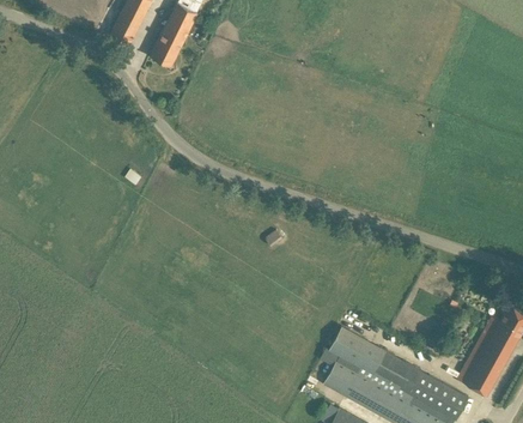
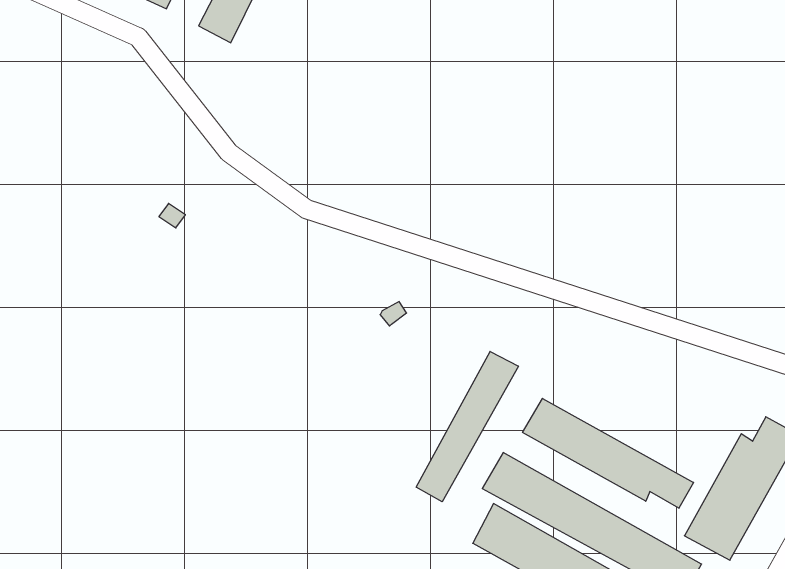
building: none -> [416,351,518,502]
building: none -> [523,398,694,508]

